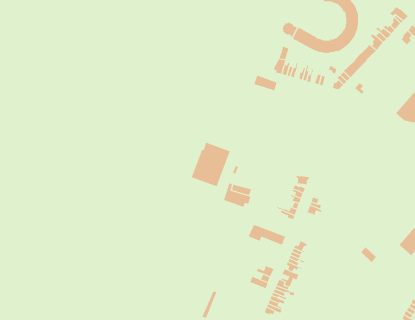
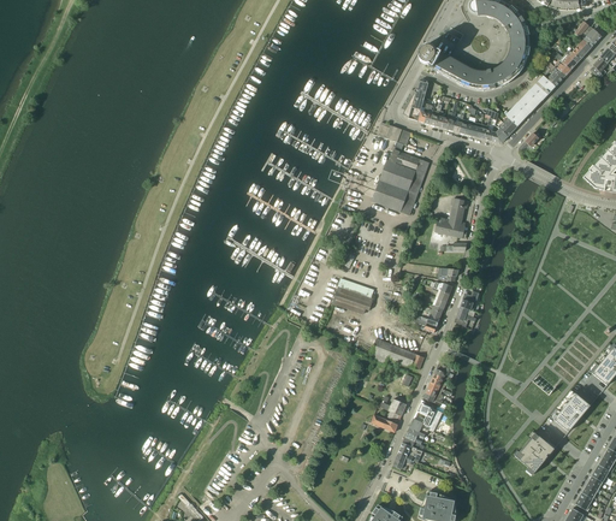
building: none -> [436,199,467,237]
building: [191,142,230,187] -> [372,149,430,214]
building: none -> [549,389,591,431]
building: none -> [515,432,556,472]

